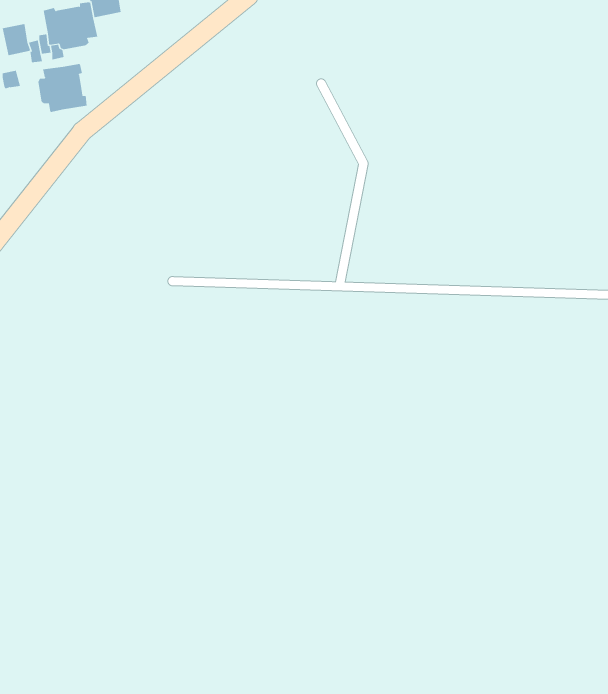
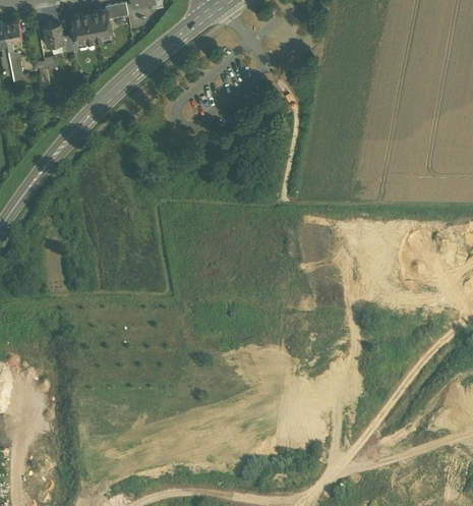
building: [38,63,87,113] -> none

